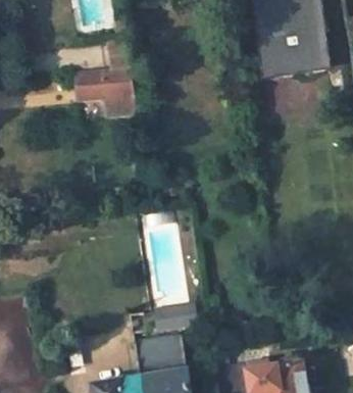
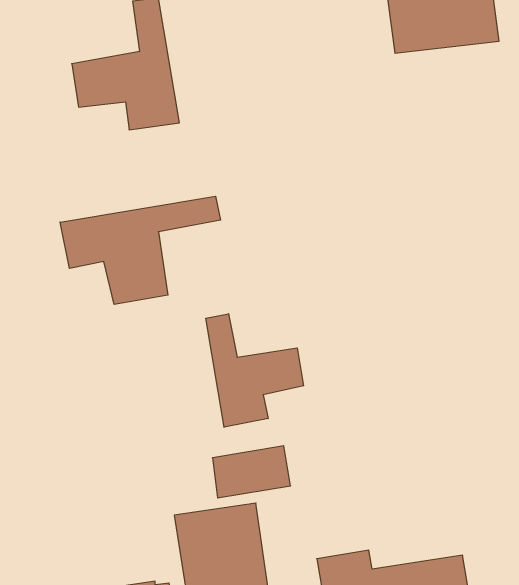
building: none -> [60,196,221,304]
building: none -> [206,314,304,427]

